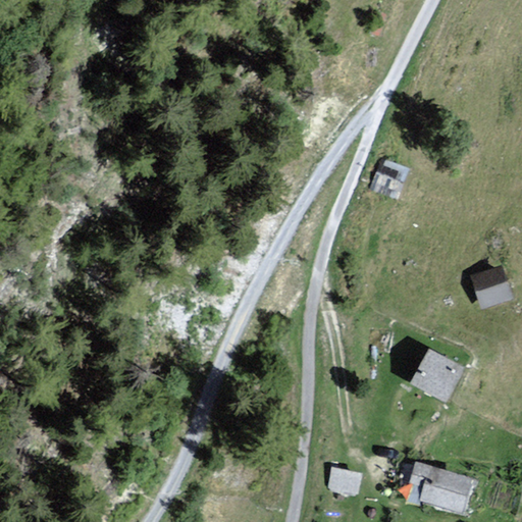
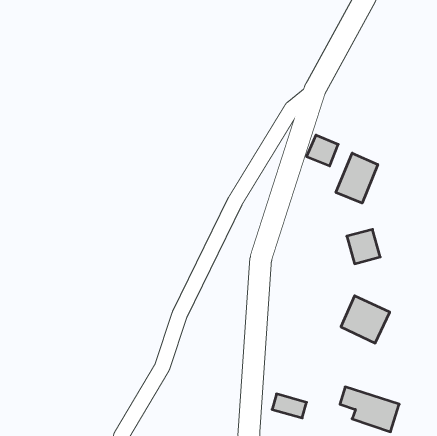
building: none -> [336,153,378,203]
building: [471,264,511,305] -> [347,229,380,264]

